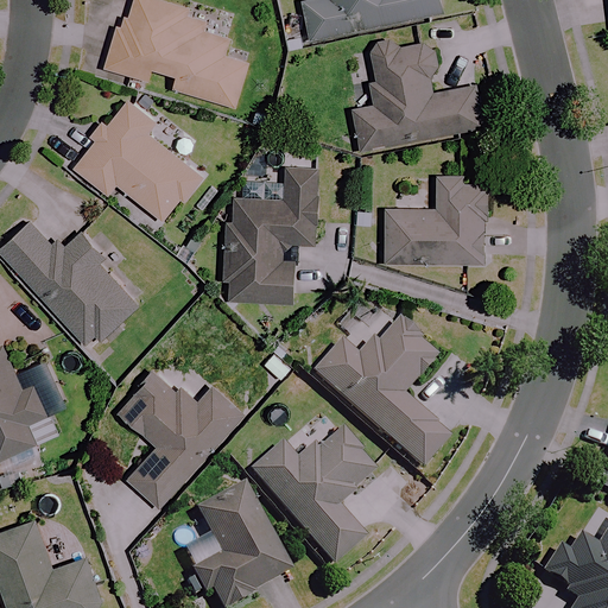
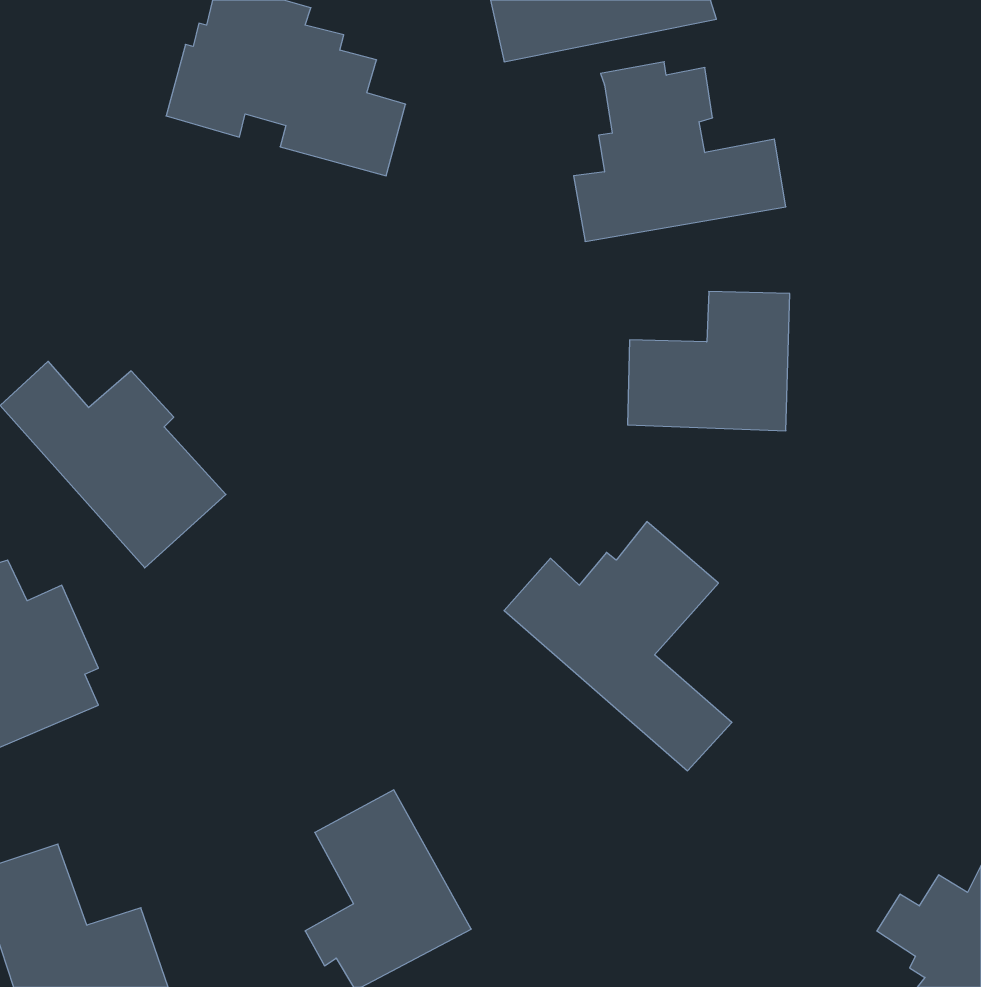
building: [74,99,201,222] -> none
building: [222,167,322,310] -> none
building: [119,373,241,506] -> none
building: [248,433,375,569] -> none

